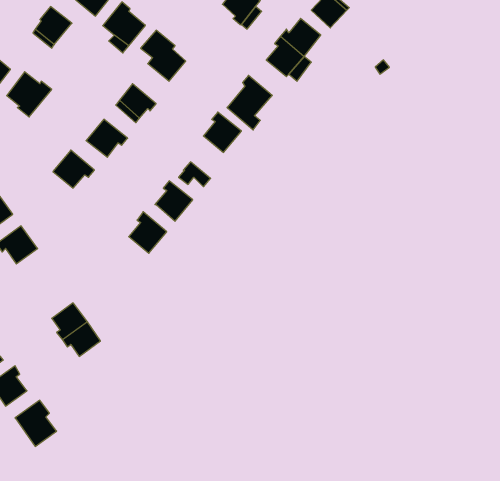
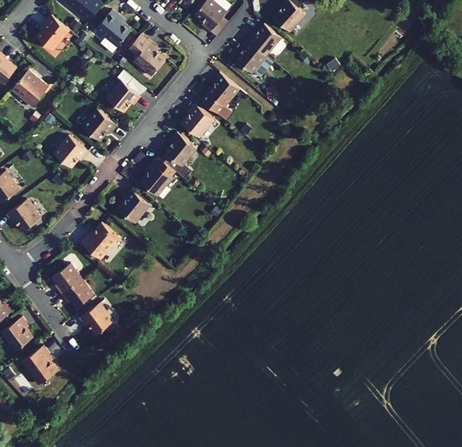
building: none -> [170,131,196,159]
building: none -> [81,224,120,260]
building: none -> [79,304,114,336]

